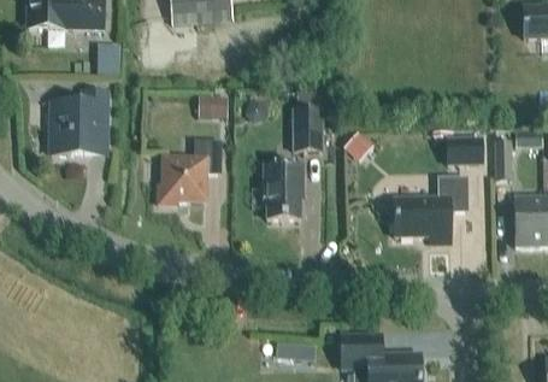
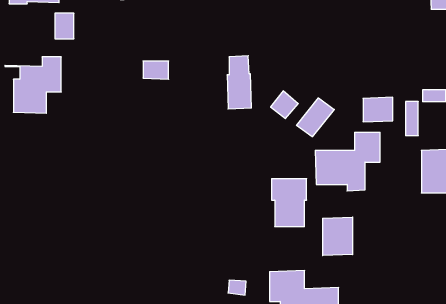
building: none -> [297,98,334,137]
building: [159,140,222,204] -> none
building: [264,165,304,219] -> [272,179,307,227]
building: none -> [323,217,353,256]

